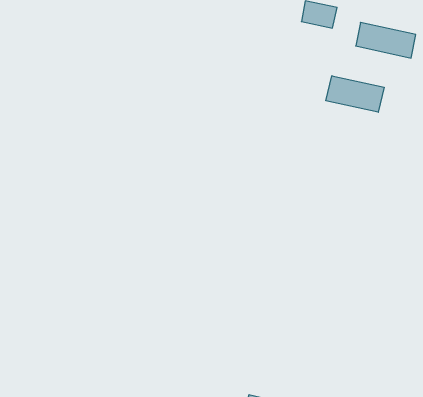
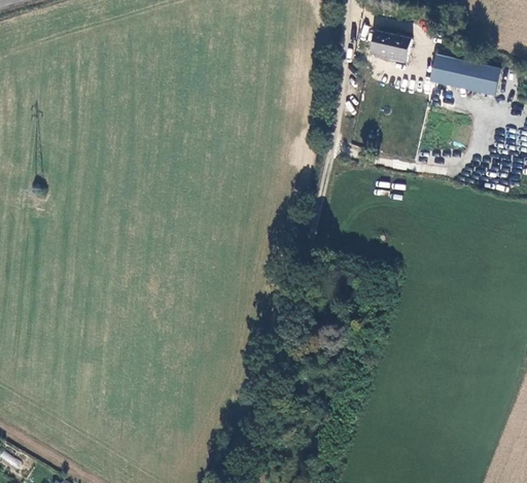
building: [326,76,384,112] -> none

